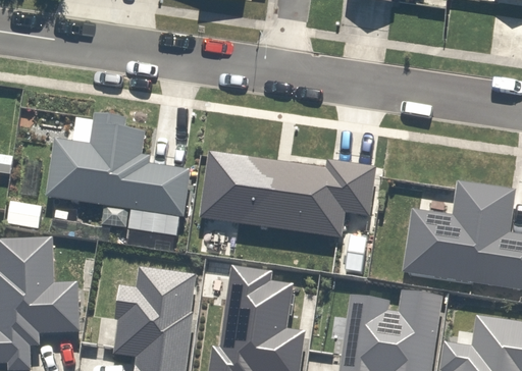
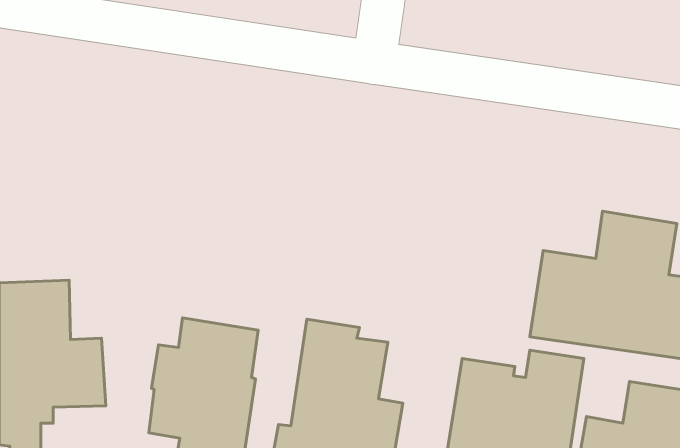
building: [45,122,187,236] -> none
building: [202,154,373,241] -> none

